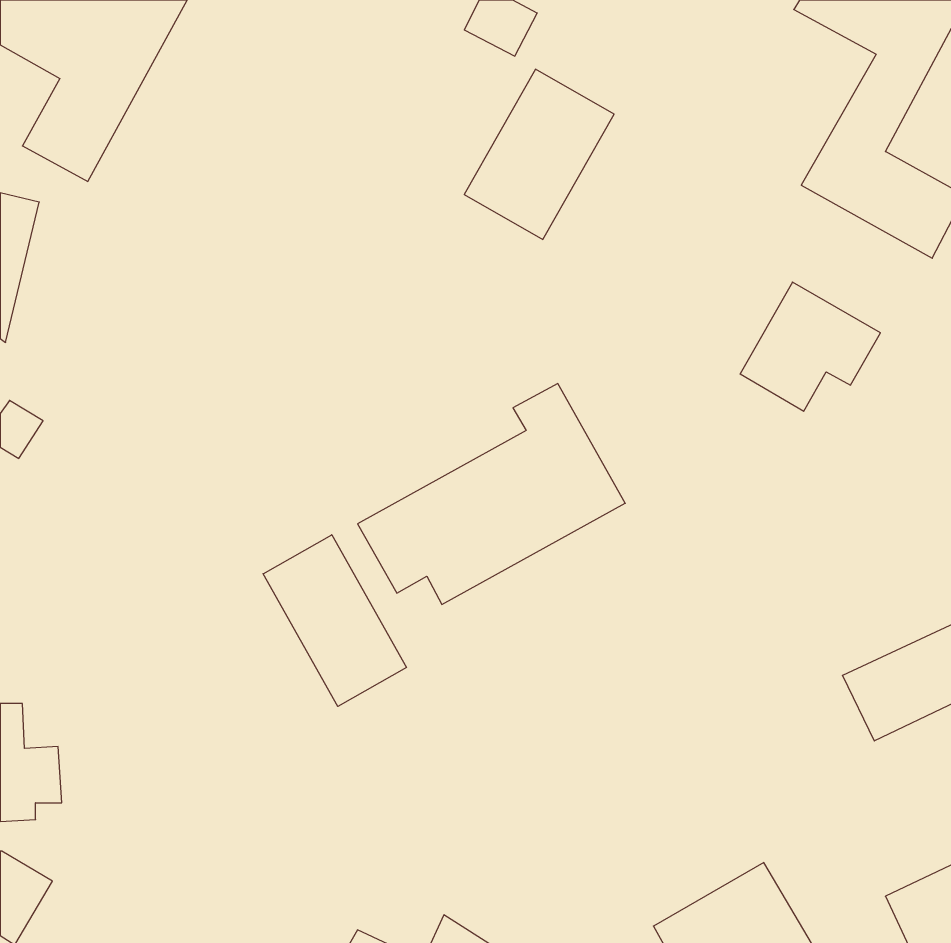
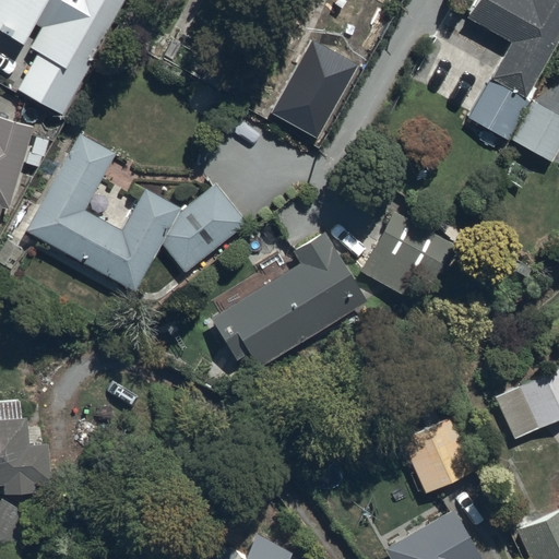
building: none -> [32,138,245,286]
building: [740,282,880,411] -> [362,217,444,293]
building: [263,535,406,706] -> none
building: none -> [396,417,463,487]

